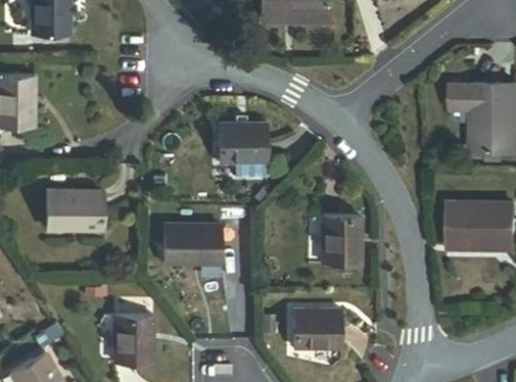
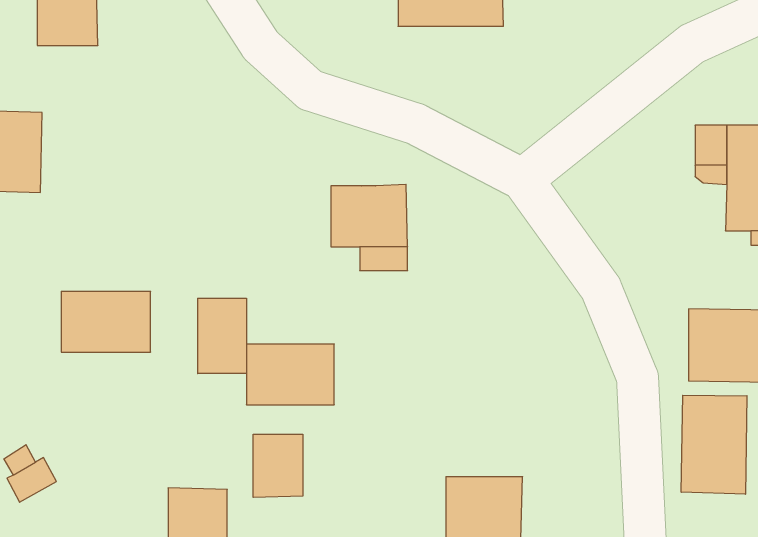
building: none -> [198,298,246,374]
building: [323,216,360,264] -> none
building: none -> [681,395,747,494]
building: none -> [253,434,303,497]

